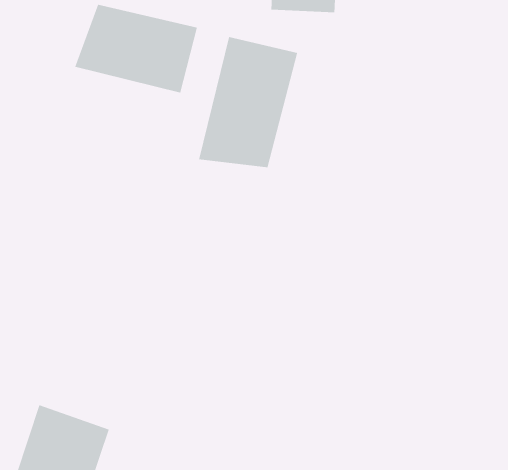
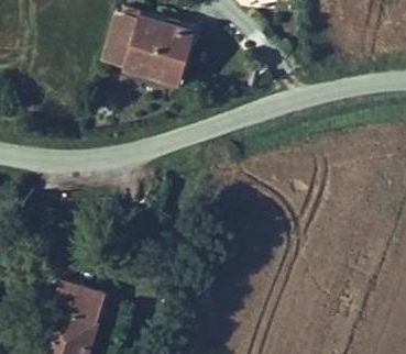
building: [198,36,298,168] -> none

